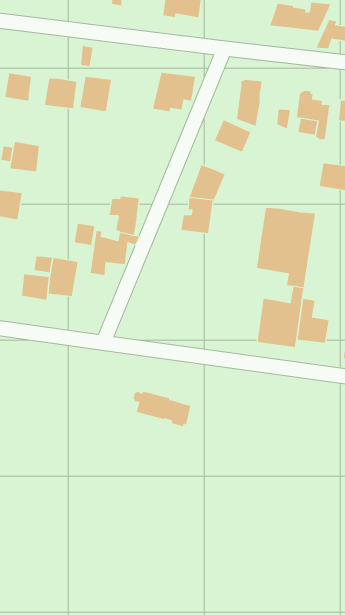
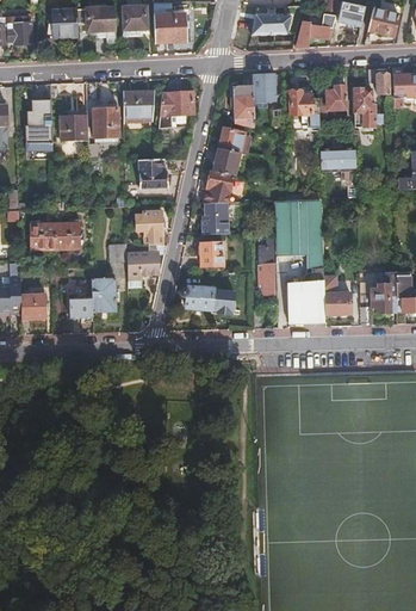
building: none -> [123,91,154,119]
building: none -> [253,73,277,97]
building: none -> [137,158,167,185]
building: none -> [213,147,240,175]
building: [10,142,40,172] -> [55,223,80,248]
building: none -> [200,239,224,264]
building: none -> [257,239,277,294]
building: [133,391,191,427] -> [179,285,232,311]

